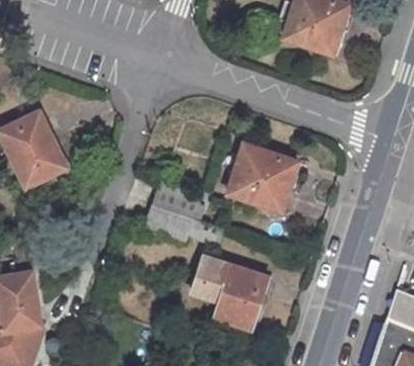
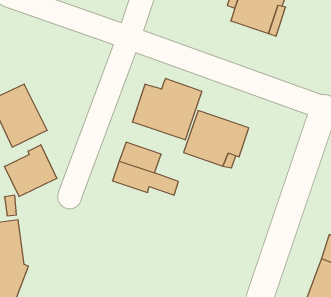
building: none -> [132,78,202,140]
building: none -> [4,145,57,197]
building: [190,254,267,328] -> none

